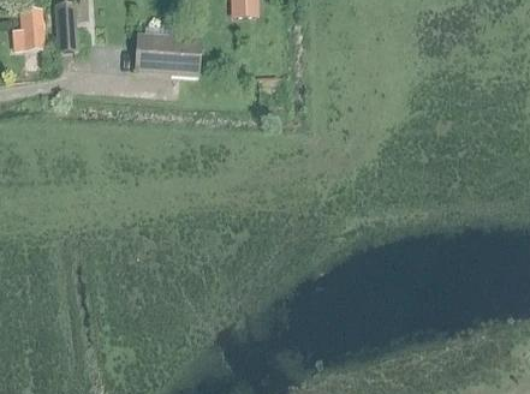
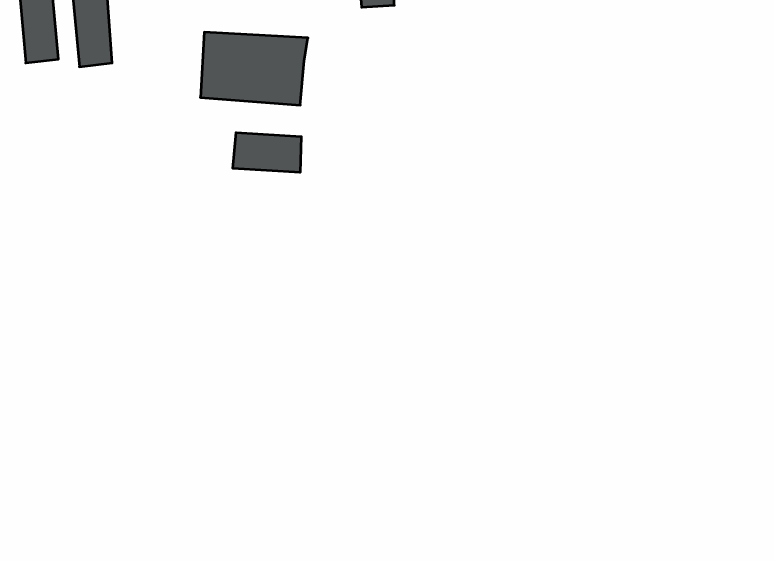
building: none -> [233,133,301,172]

